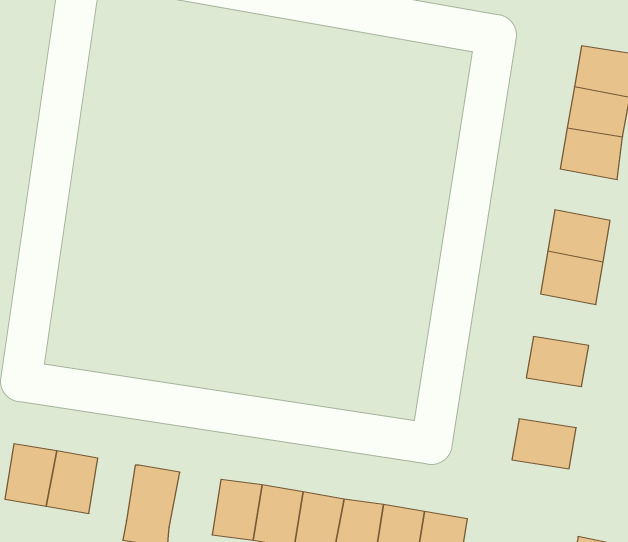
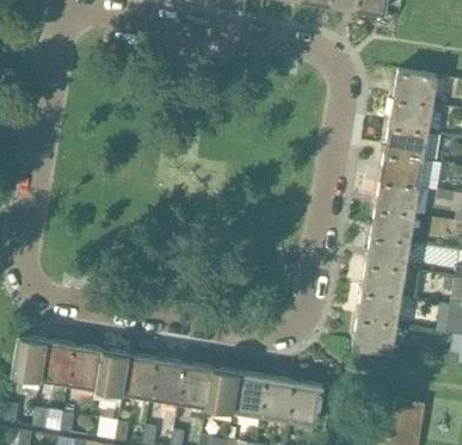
building: none -> [382,153,424,187]
building: none -> [368,236,409,271]
building: none -> [358,292,400,326]
building: none -> [70,346,101,388]
building: none -> [124,356,159,397]

